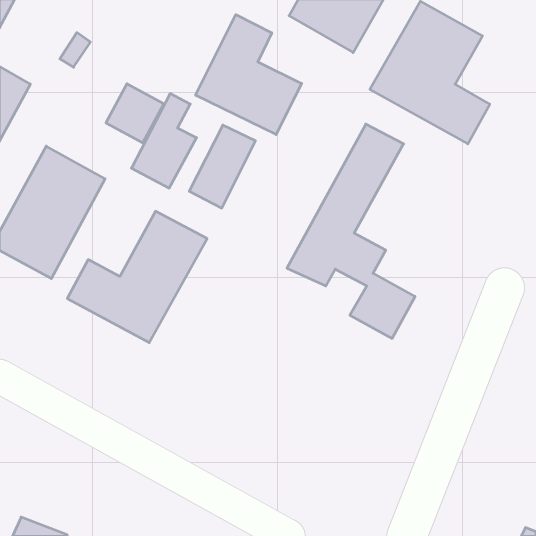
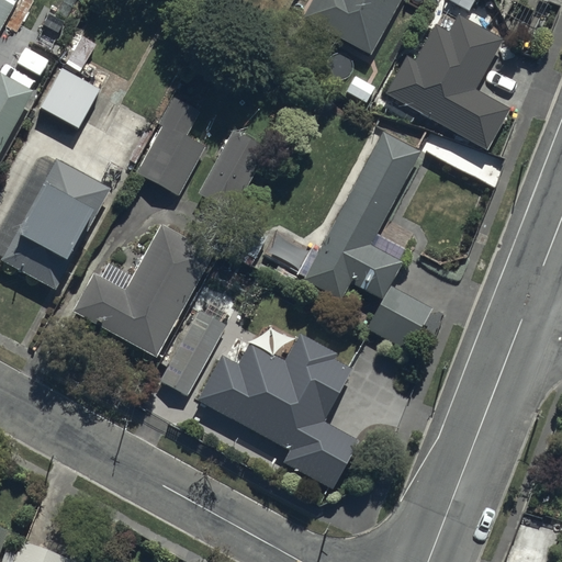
building: [196,15,302,135] -> none
building: [106,84,164,143] -> [40,67,100,128]
building: none -> [157,305,228,396]
building: none -> [193,327,360,490]

